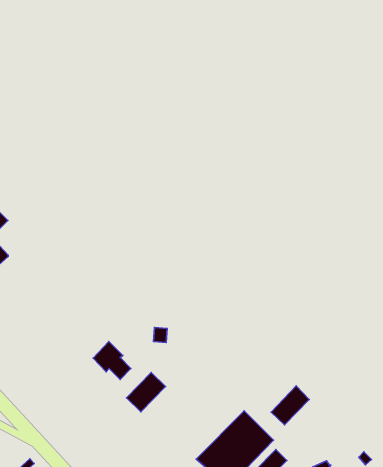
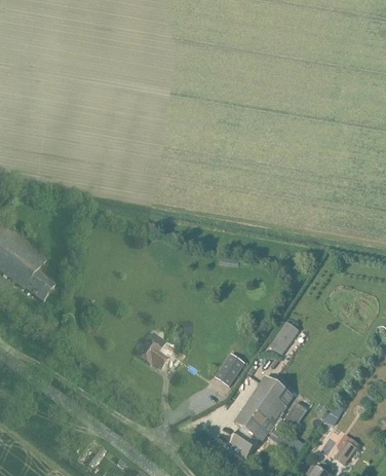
building: [126,373,165,412] -> [214,354,243,387]
building: [271,386,309,425] -> [268,320,297,353]

